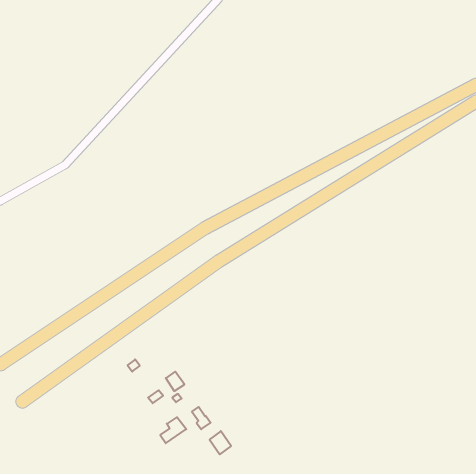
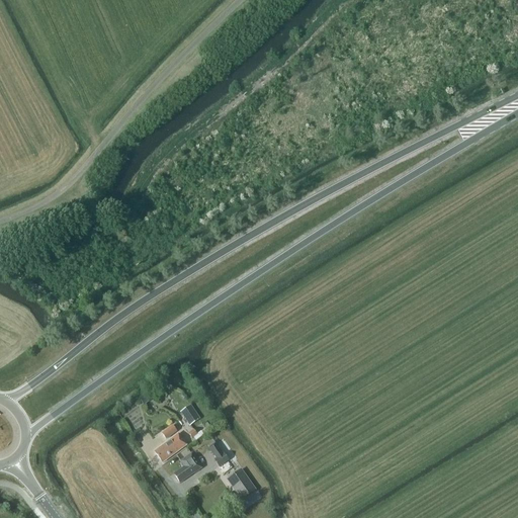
building: none -> [154,432,186,461]

